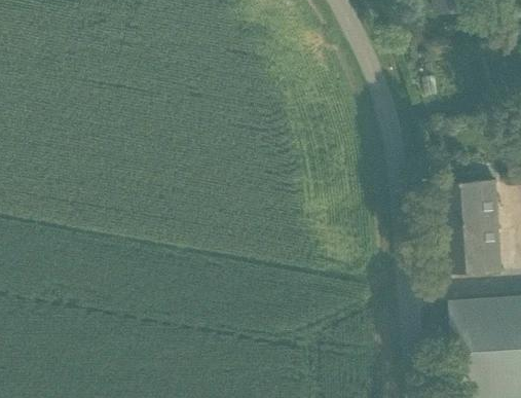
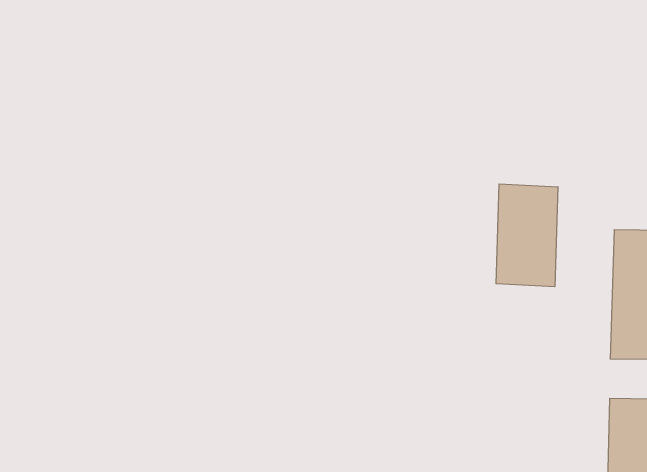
building: none -> [496,184,558,287]

